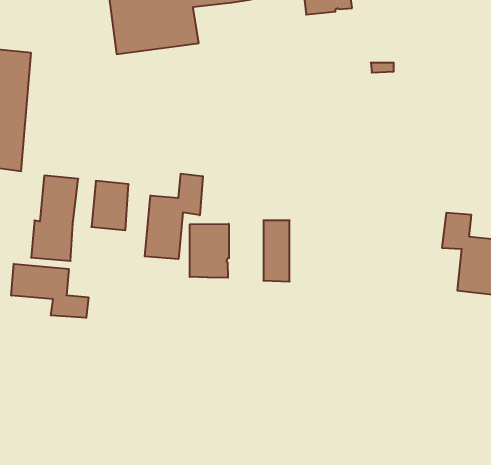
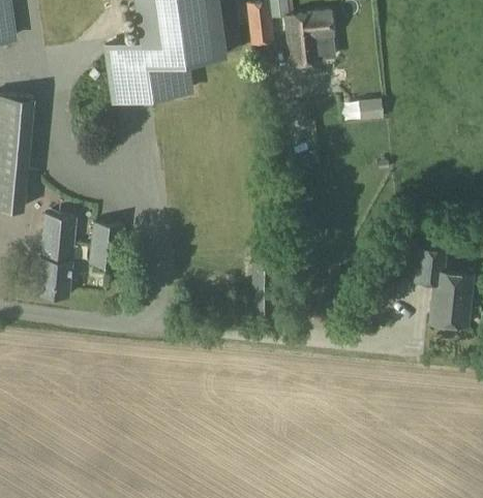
building: [145,174,203,259] -> none
building: [190,224,229,278] -> none
building: [11,264,88,318] -> none

